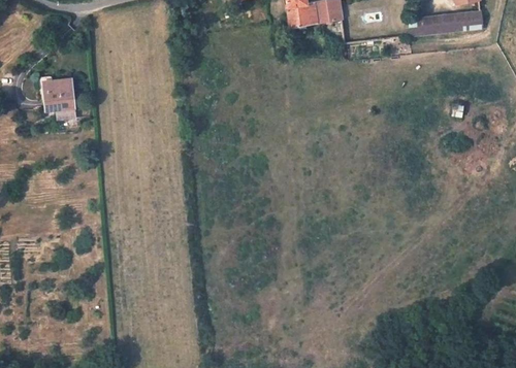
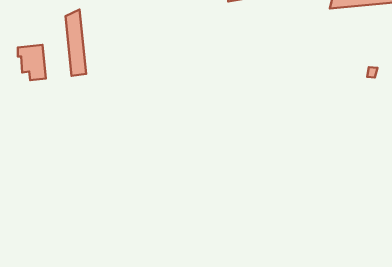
building: none -> [65,10,86,76]

